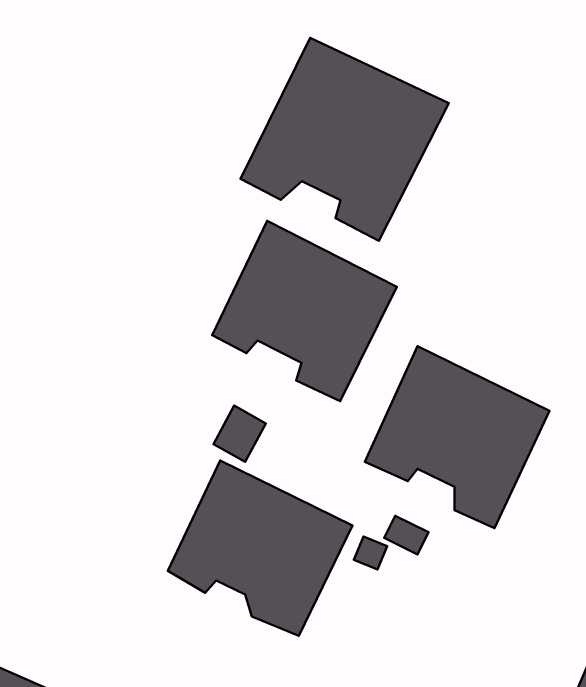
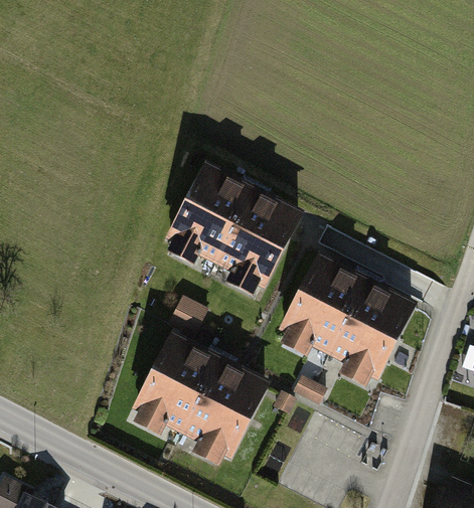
building: [240,38,449,241] -> none

